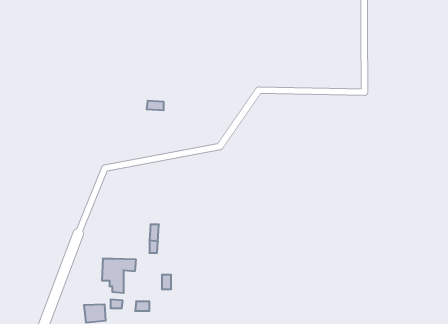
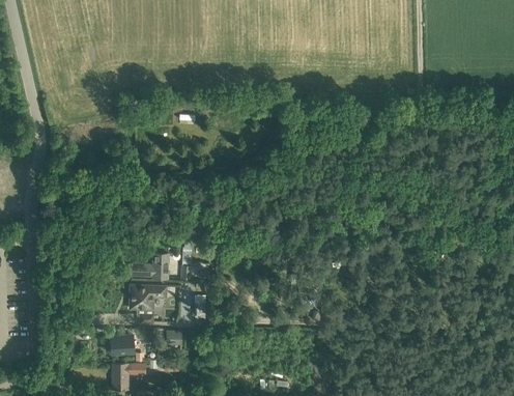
building: none -> [131,253,168,278]

